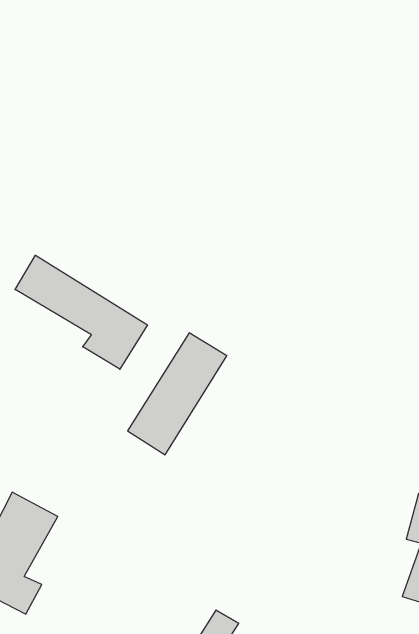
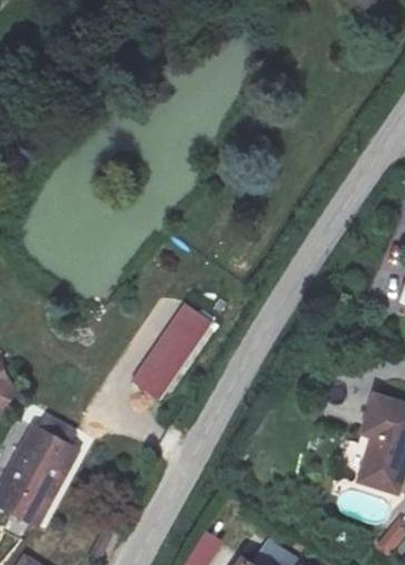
building: [15,255,148,369] -> none

